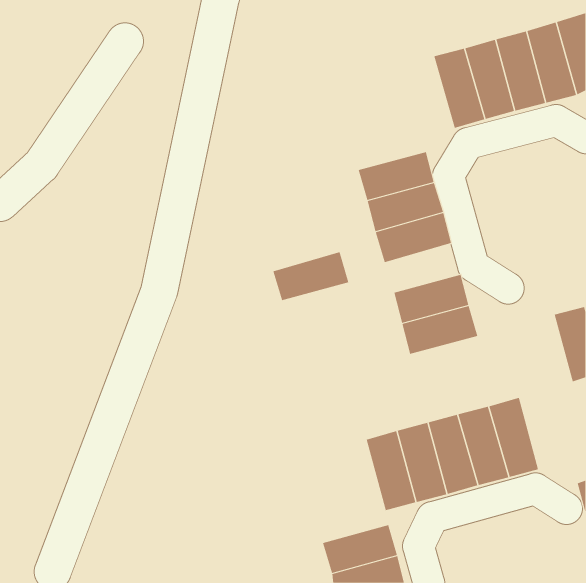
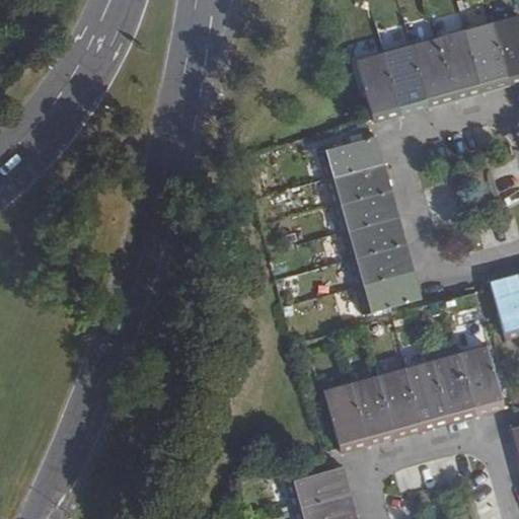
building: none -> [356,50,401,121]
building: [272,252,349,301] -> [340,215,407,258]
building: none -> [459,344,504,415]

